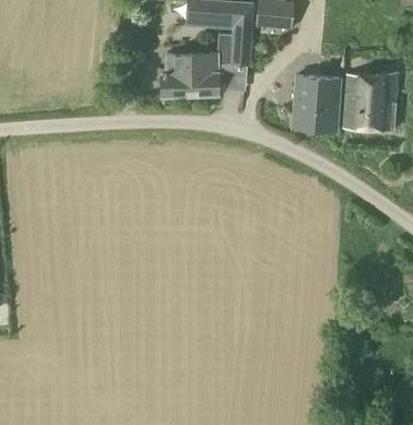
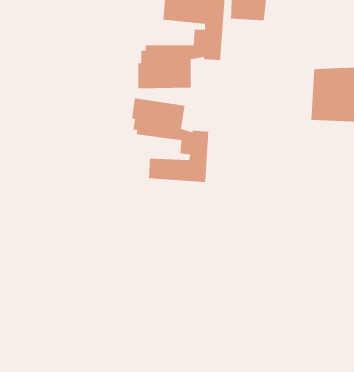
building: [292,78,340,132] -> none
building: none -> [131,98,209,183]

